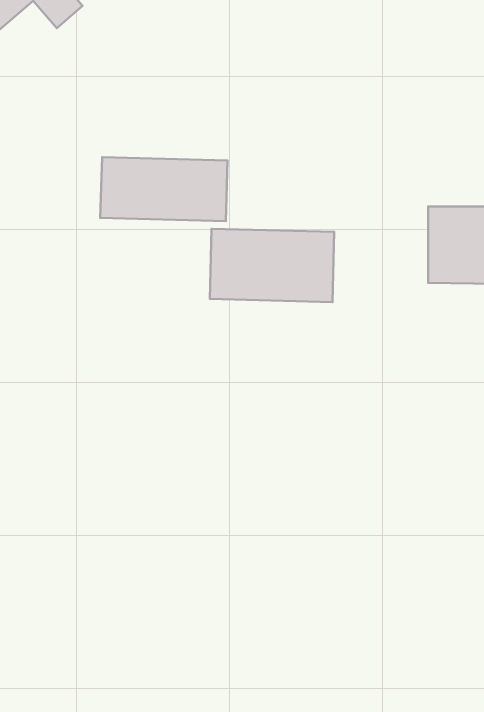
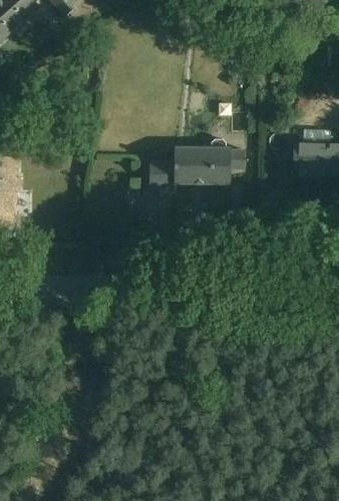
building: [100,157,228,221] -> none

